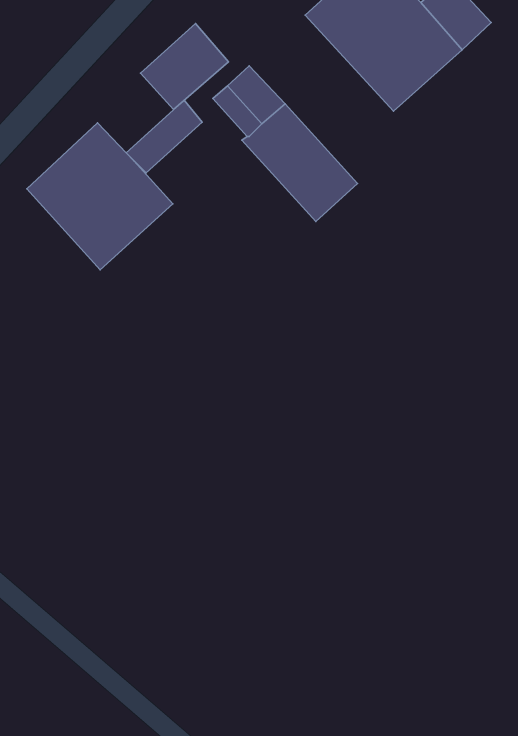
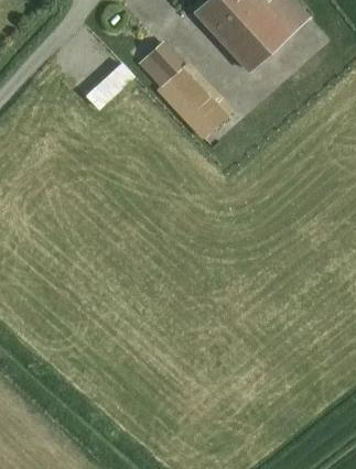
building: [141,23,228,109] -> none
building: [27,123,173,270] -> none

